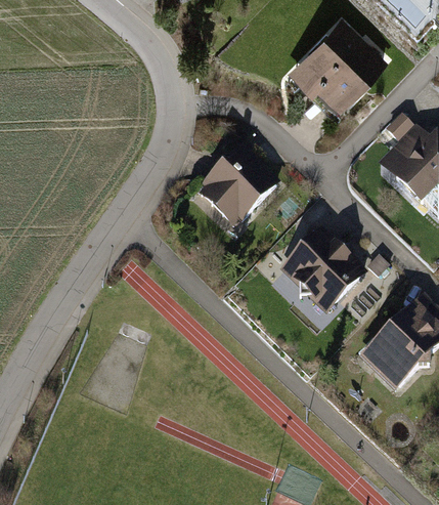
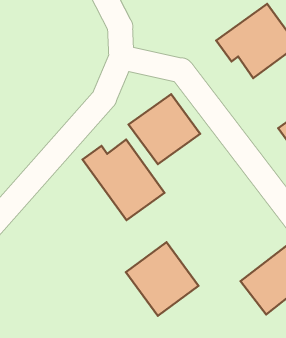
building: none -> [82,139,164,220]
building: [275,226,366,318] -> [126,242,198,316]

